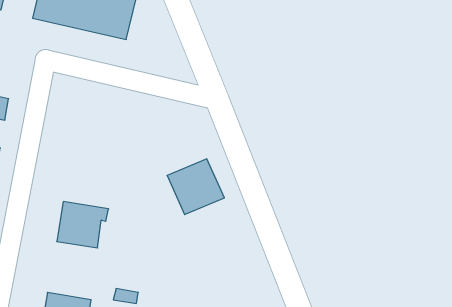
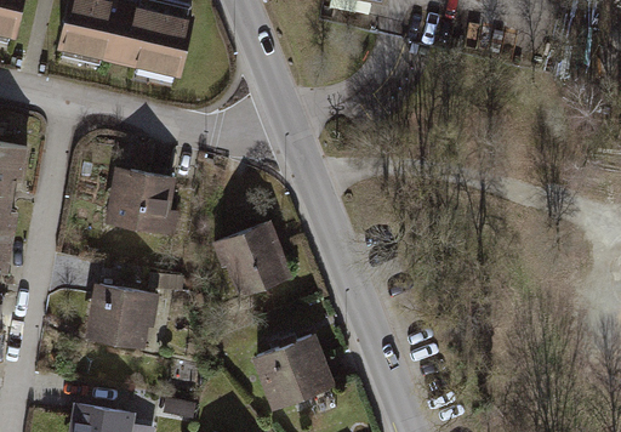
building: none -> [103,169,167,232]
building: none -> [266,335,343,409]

